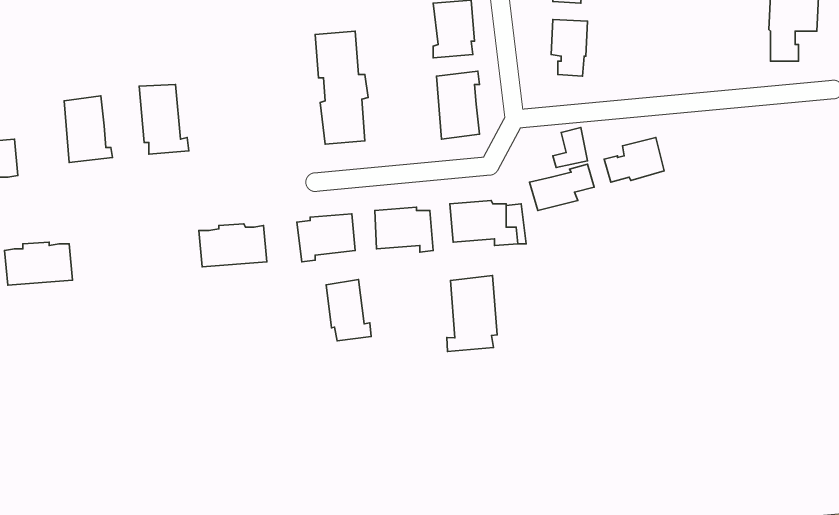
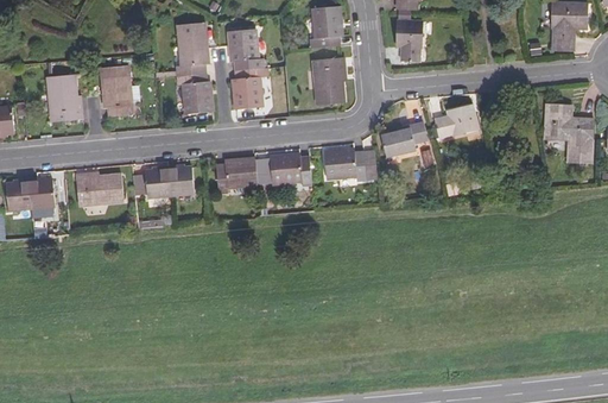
building: none -> [176,23,214,113]
building: none -> [544,103,593,163]
building: none -> [75,174,124,204]
building: [447,275,497,352] -> none
building: [326,279,371,341] -> none

